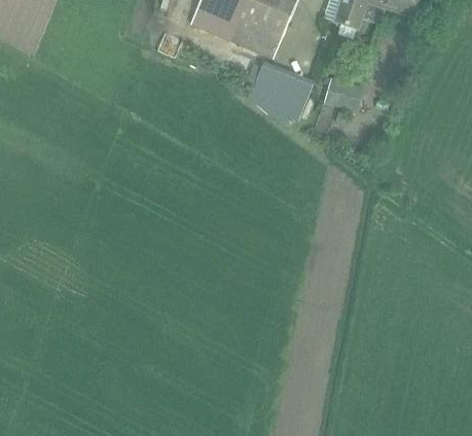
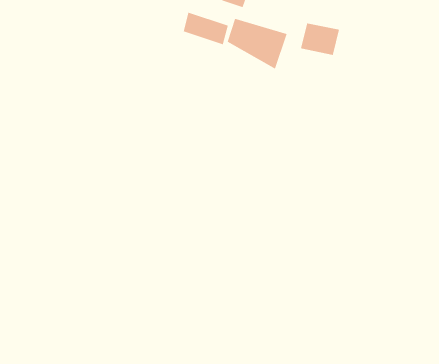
building: none -> [183,12,228,45]

